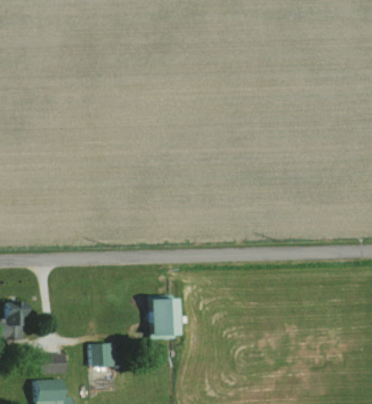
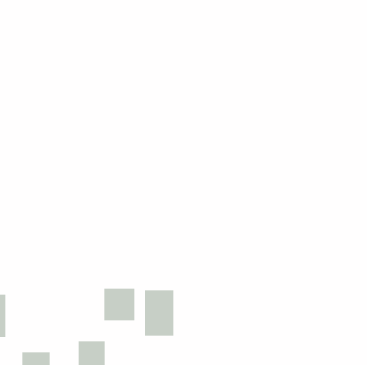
building: none -> [104,288,135,321]

